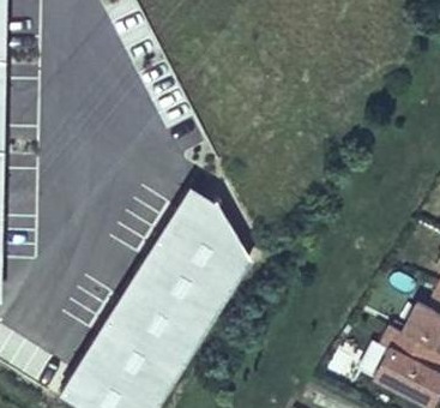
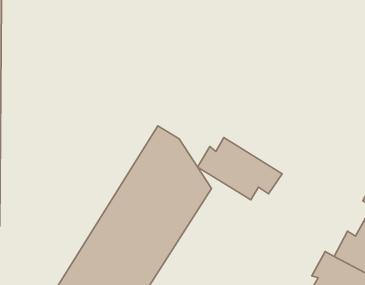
building: none -> [198,137,282,200]

